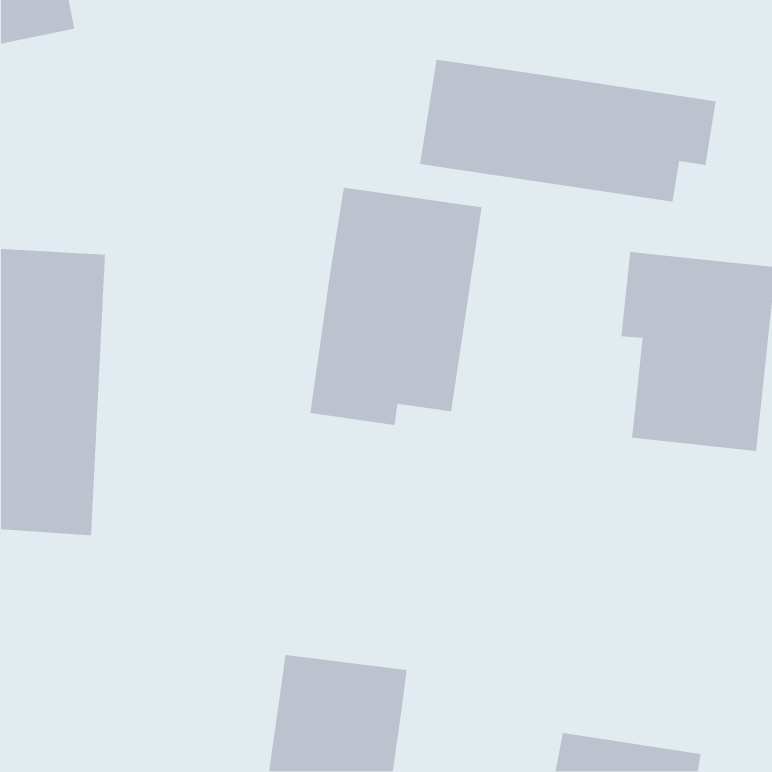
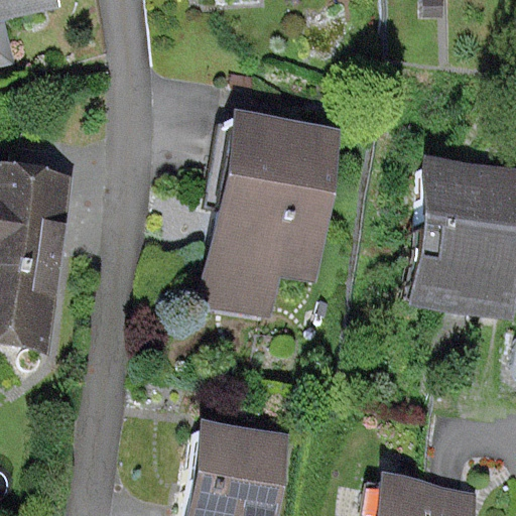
building: [419,59,717,202] -> none

